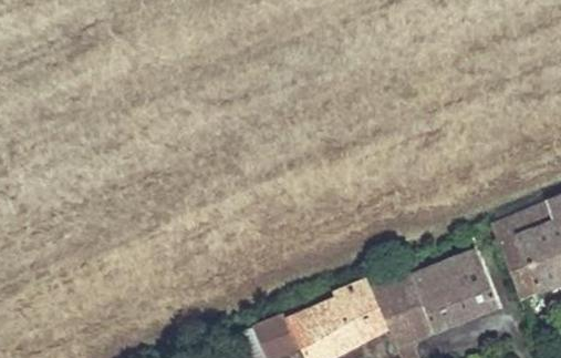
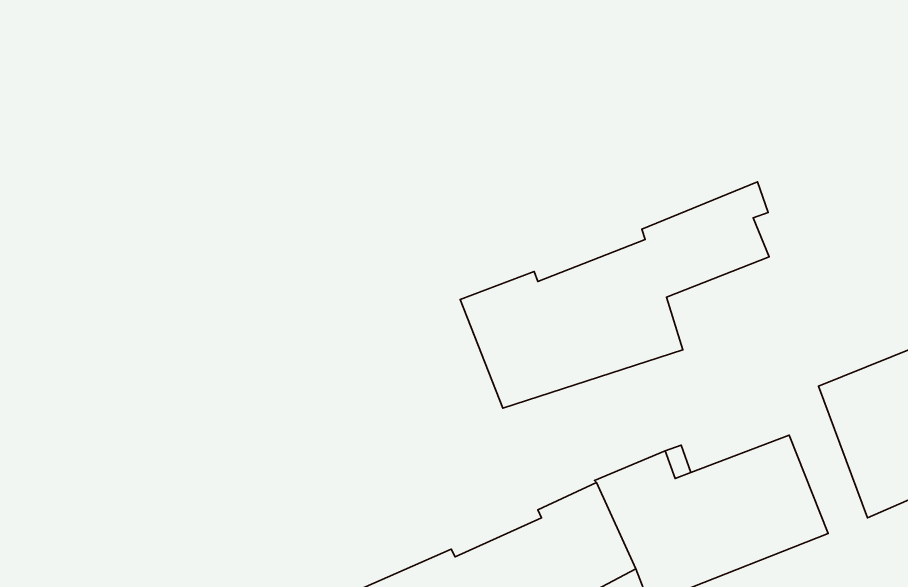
building: none -> [460,182,769,408]

